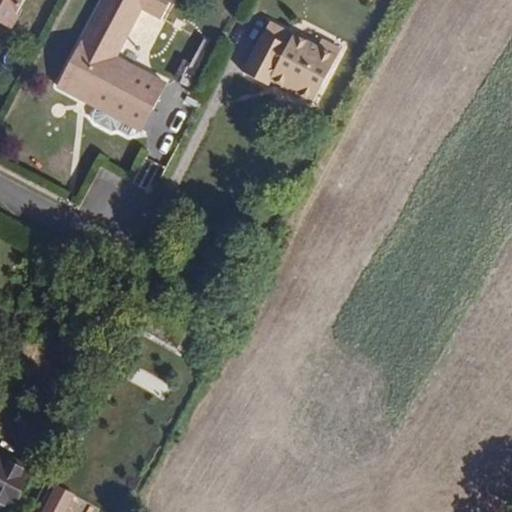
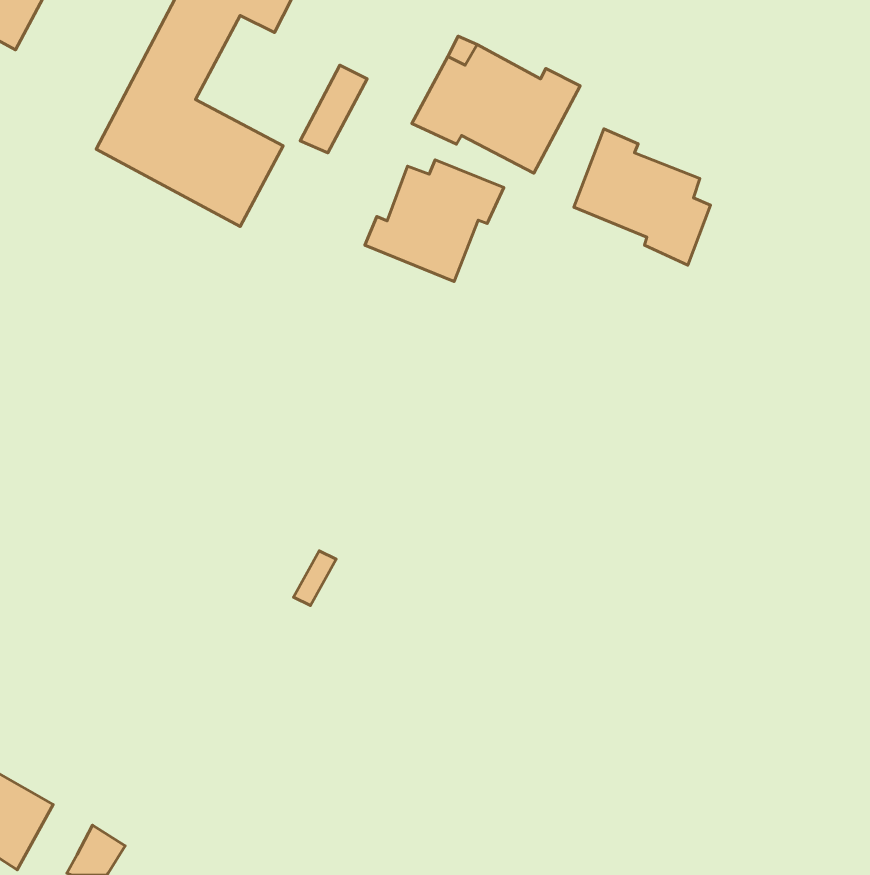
building: none -> [574,129,711,265]
building: none -> [365,160,504,281]

